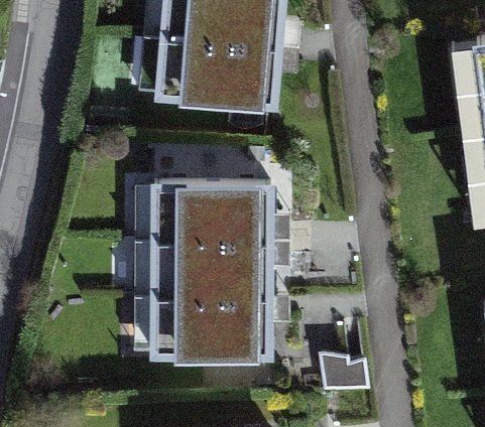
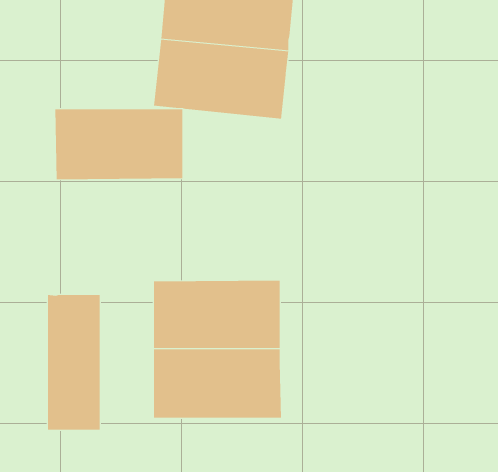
building: [163,188,271,248] -> [55,109,183,180]
building: none -> [47,294,100,431]

